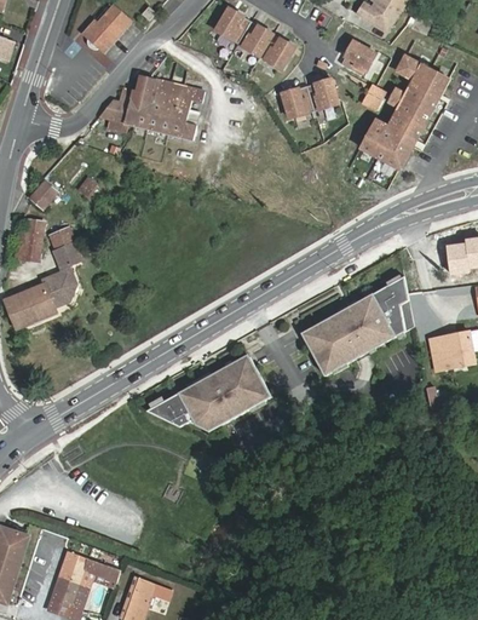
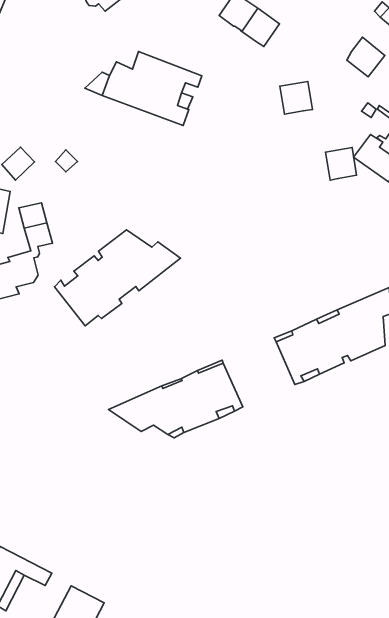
building: [259,34,294,69] -> none
building: [304,78,335,110] -> [326,147,357,180]
building: none -> [55,230,180,326]

